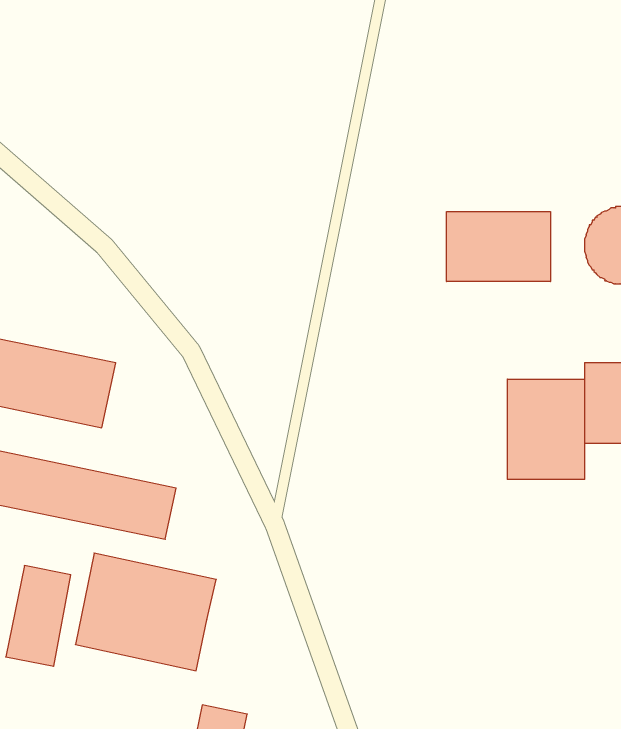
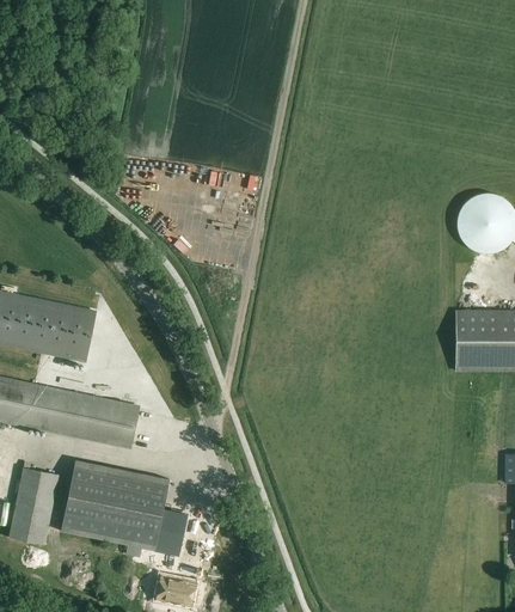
building: [447,212,550,282] -> none
building: [507,379,585,479] -> none
building: none -> [155,509,186,553]

